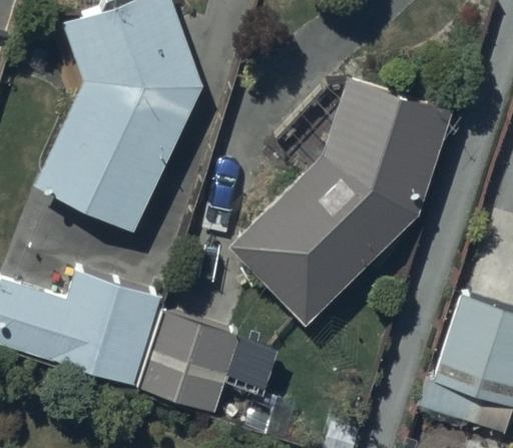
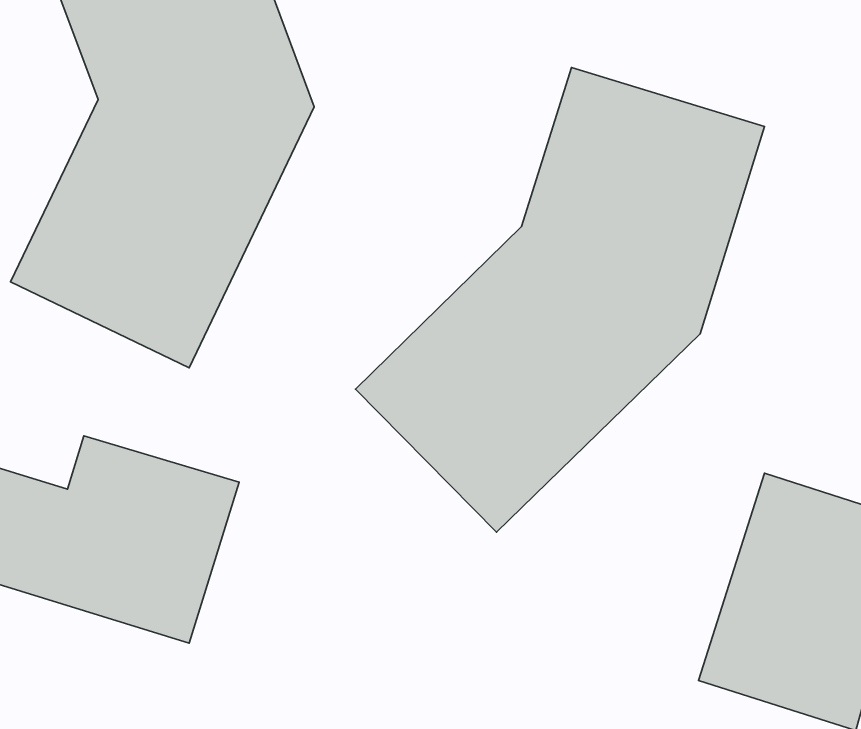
building: [138,313,240,414] -> none

